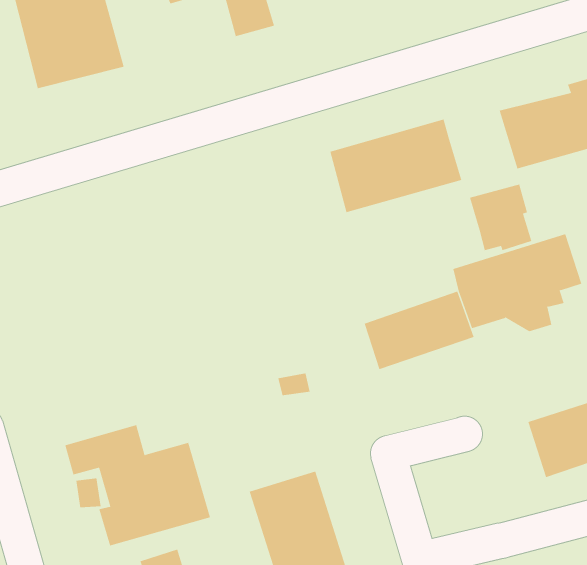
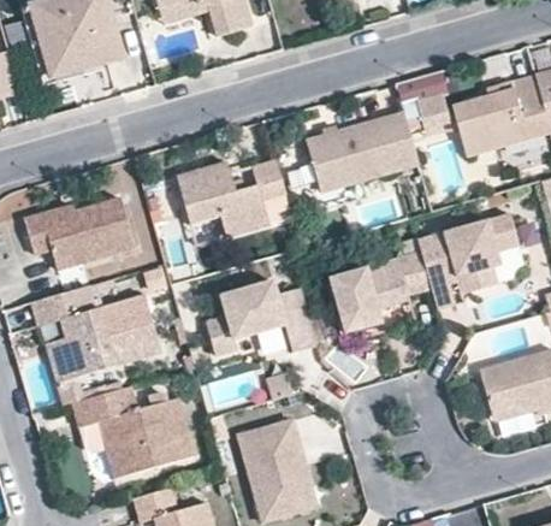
building: none -> [179,155,286,236]
building: [469,184,532,251] -> [396,67,451,126]
building: none -> [35,199,125,274]
building: none -> [209,282,318,359]
building: none -> [31,285,158,372]

